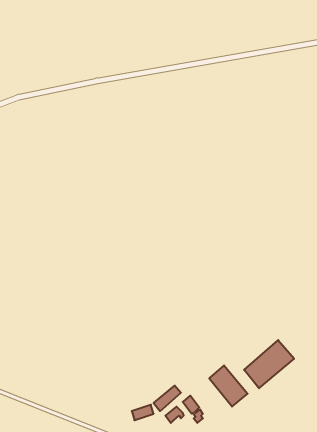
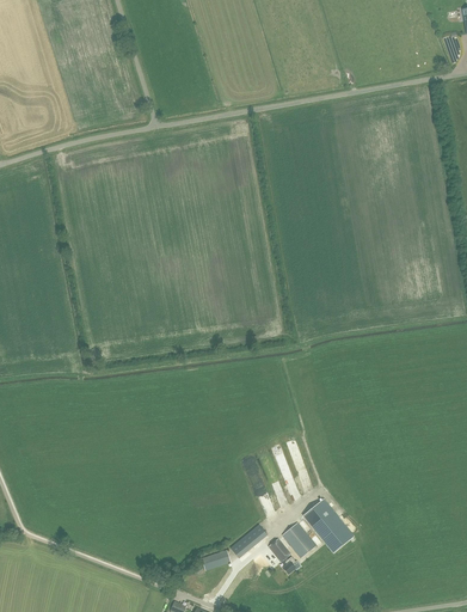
building: [244,340,294,388] -> none
building: none -> [282,521,315,556]

